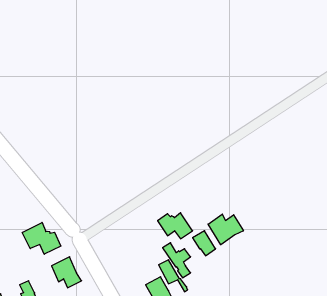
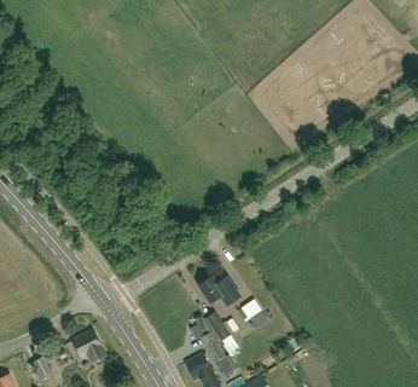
building: [208,214,243,245] -> none
building: [22,222,61,254] -> none

